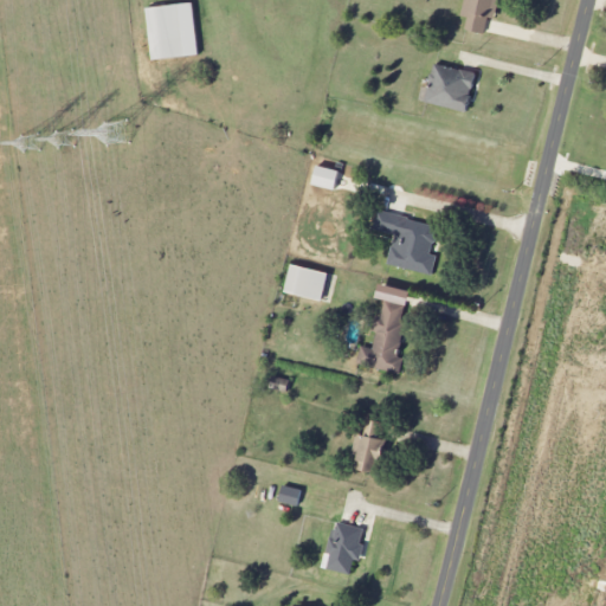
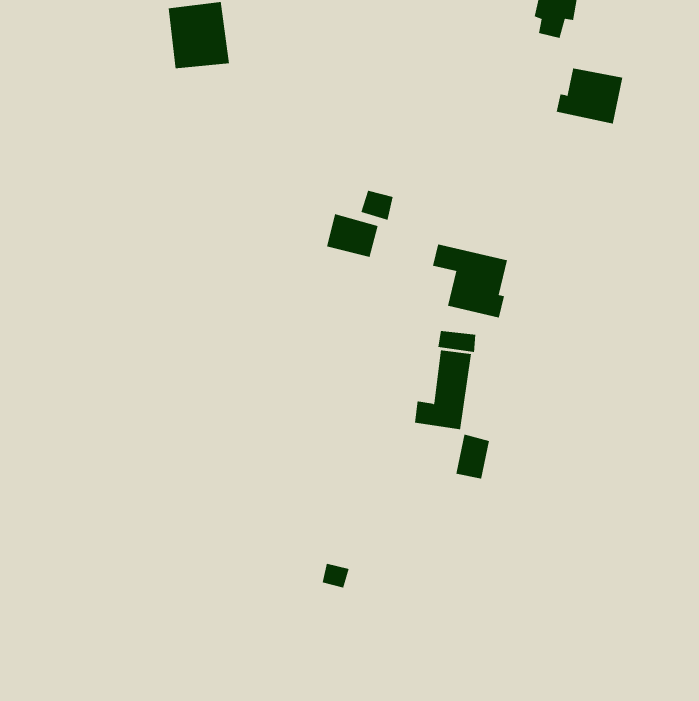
building: [417,63,475,111] -> [556,68,623,124]
building: [283,262,328,299] -> [326,214,378,258]
building: [356,433,386,472] -> [456,434,490,479]
building: [321,520,363,574] -> none

